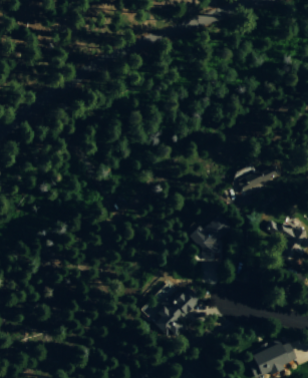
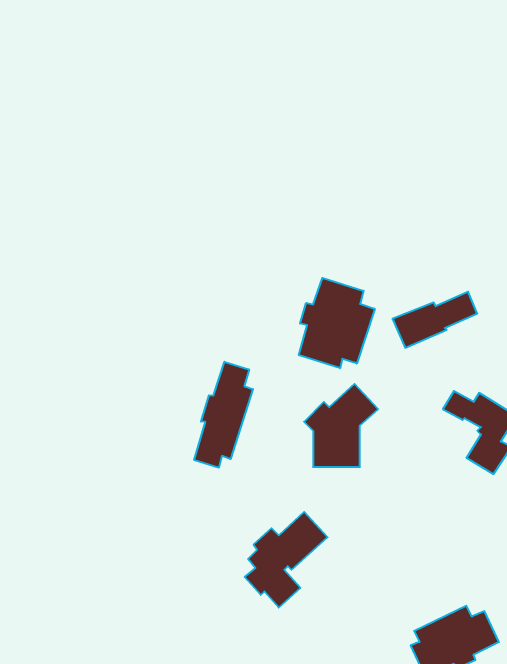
building: none -> [299,278,375,368]
building: none -> [194,362,253,468]

